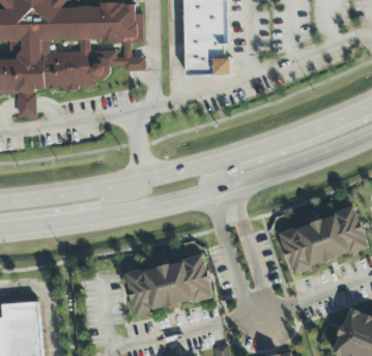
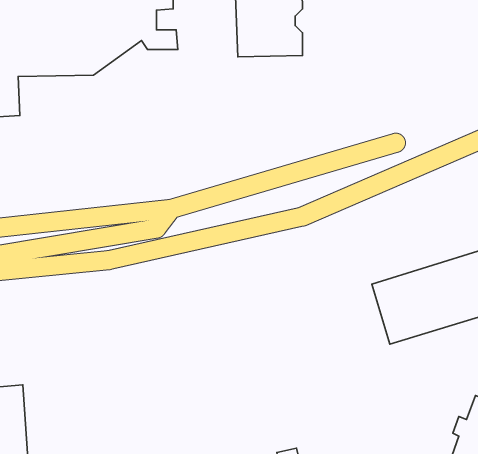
building: [125,256,212,314] -> none

